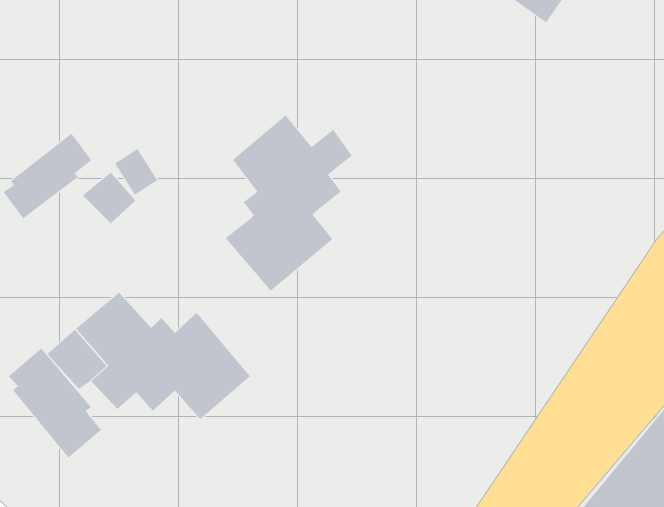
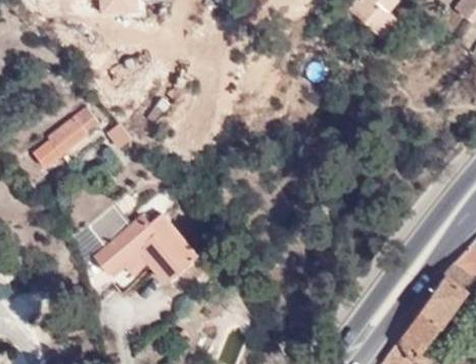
building: [225,114,352,292] -> none
building: [8,348,102,459] -> none

